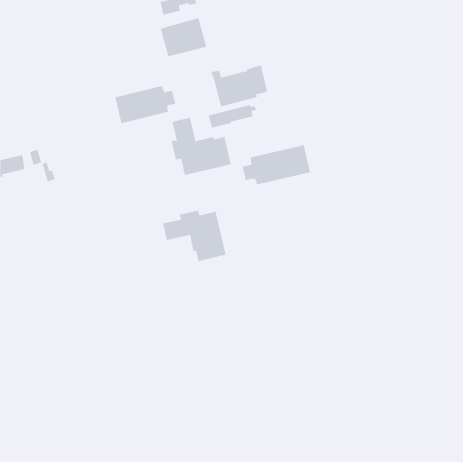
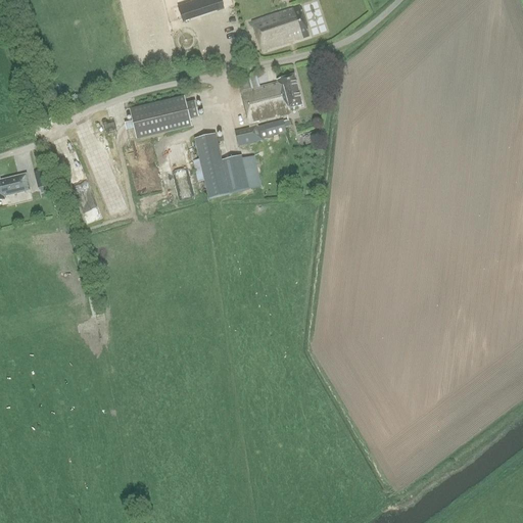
building: [160,18,207,57] -> [253,4,306,48]
building: [242,144,311,185] -> none
building: [162,210,226,262] -> none

